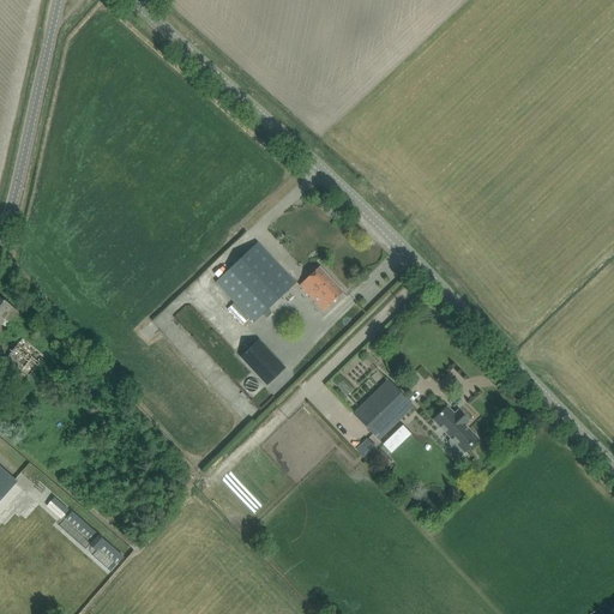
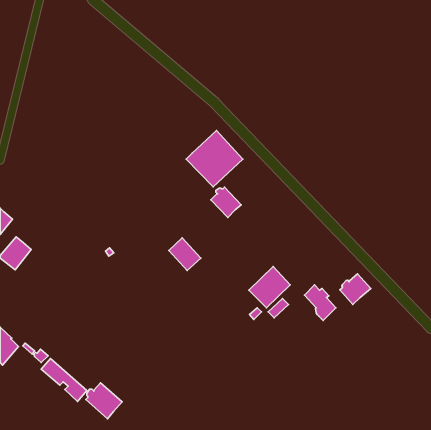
building: [215,241,295,321] -> [186,130,243,187]
building: none -> [340,274,371,305]
building: none -> [86,383,122,419]

